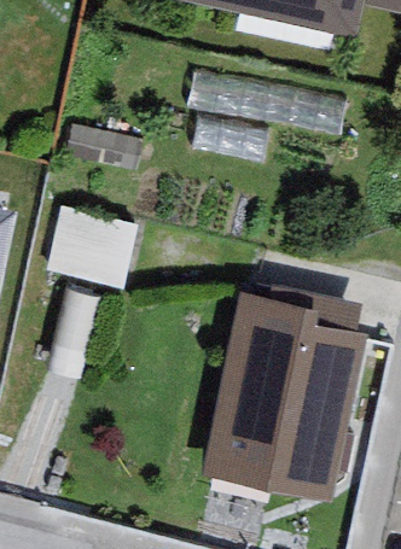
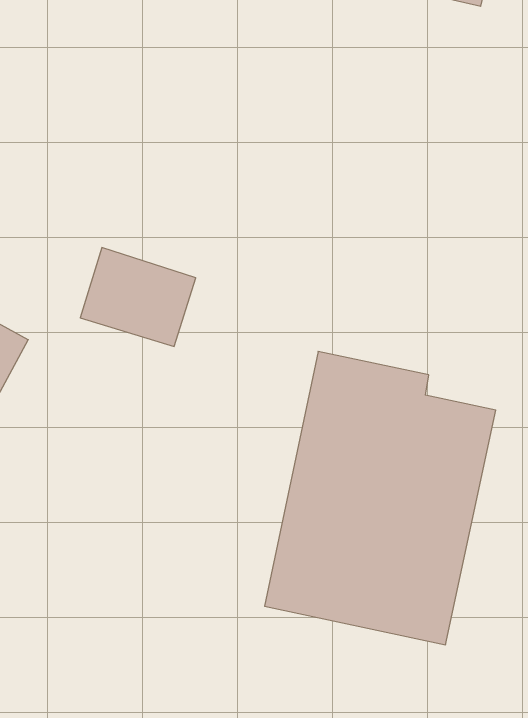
building: [191,70,287,163] -> none

